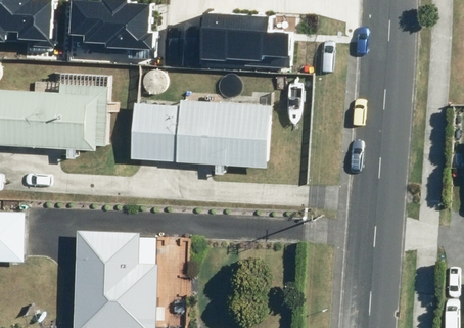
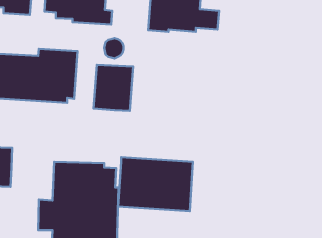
building: [177,100,272,169] -> [118,157,193,211]

